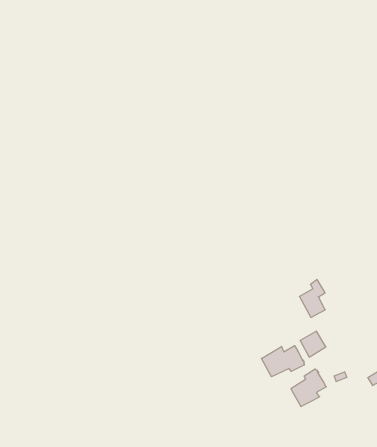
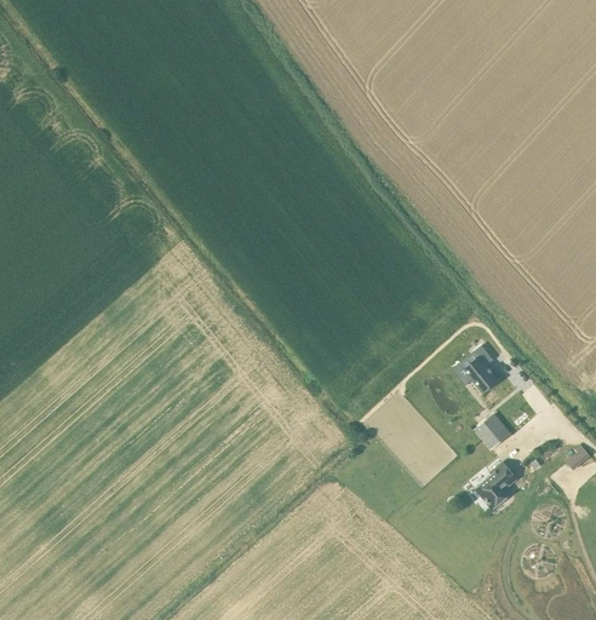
building: [261,346,304,377] -> none

